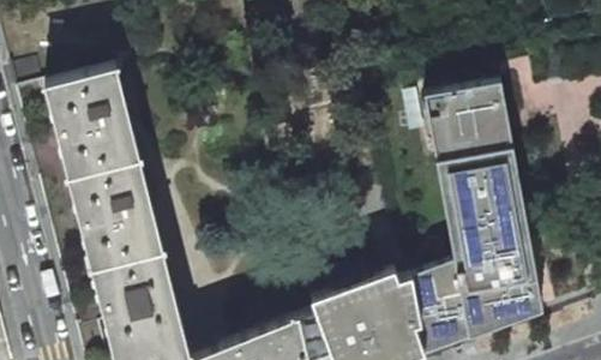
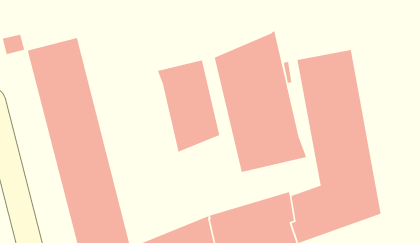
building: none -> [214,30,307,173]
building: none -> [157,60,220,154]

